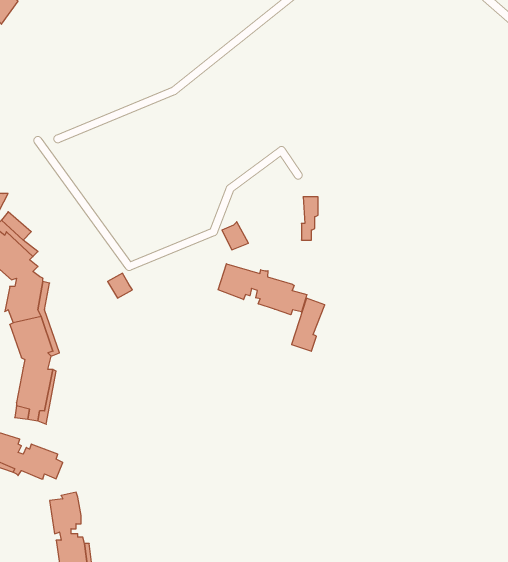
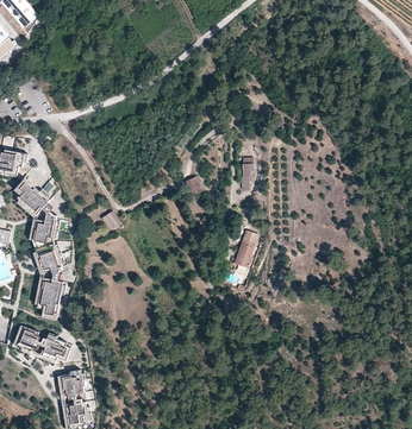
building: [218,264,307,315] -> none

